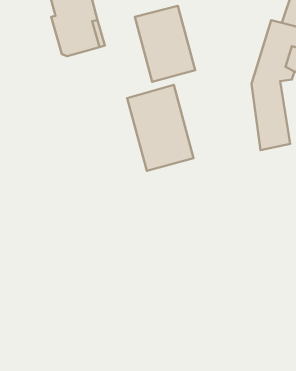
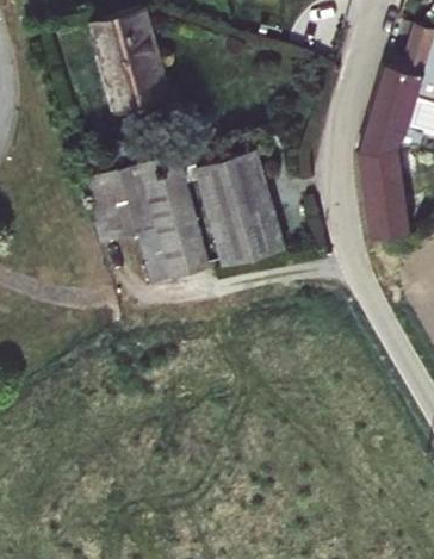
building: [135,6,195,82] -> none
building: none -> [82,156,206,286]

